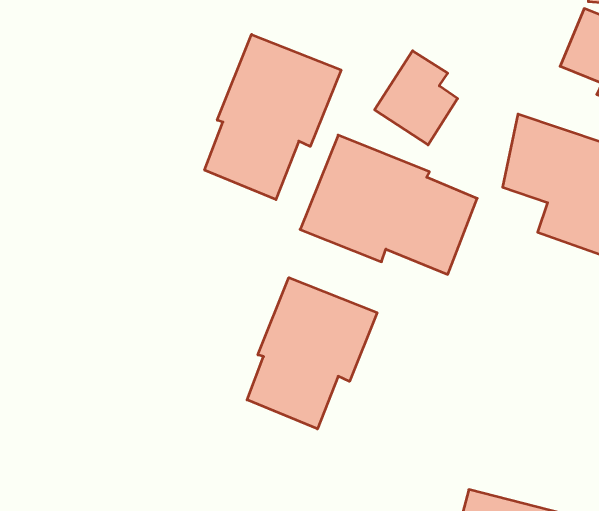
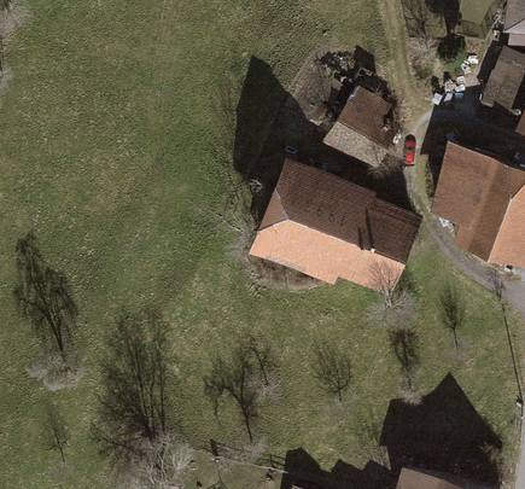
building: [205,34,341,200] -> none
building: [247,278,377,429] -> none

